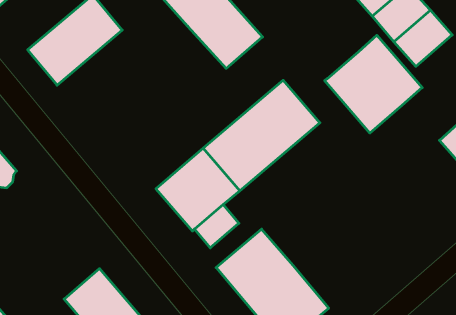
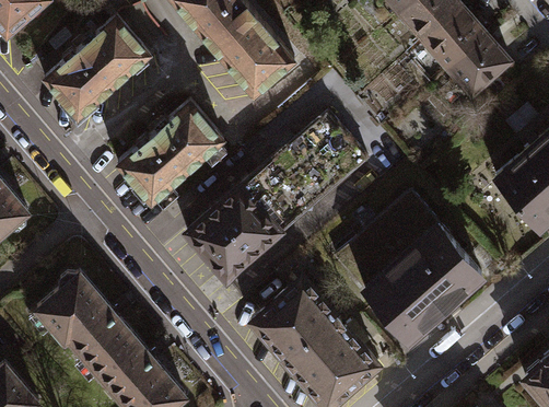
building: [325,35,422,133] -> none
building: none -> [116,101,220,199]
building: none -> [337,193,482,340]
building: none -> [36,272,120,354]

